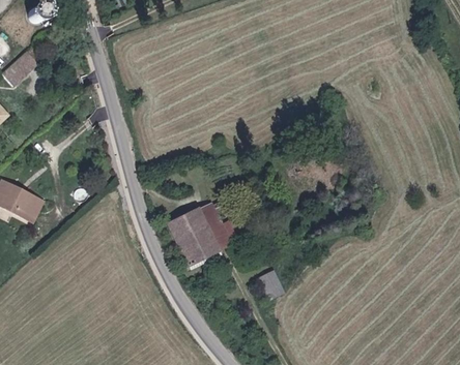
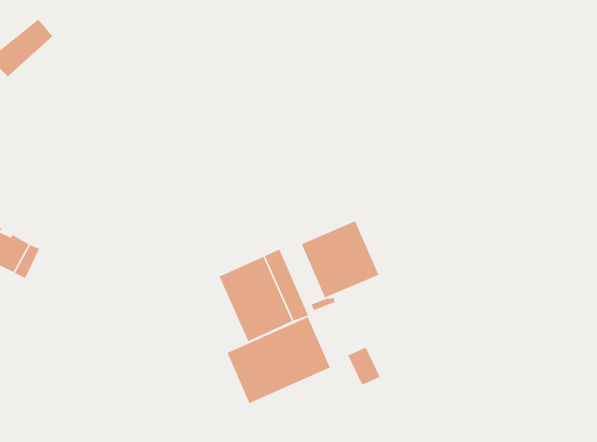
building: none -> [301,220,379,299]
building: none -> [226,316,331,404]

